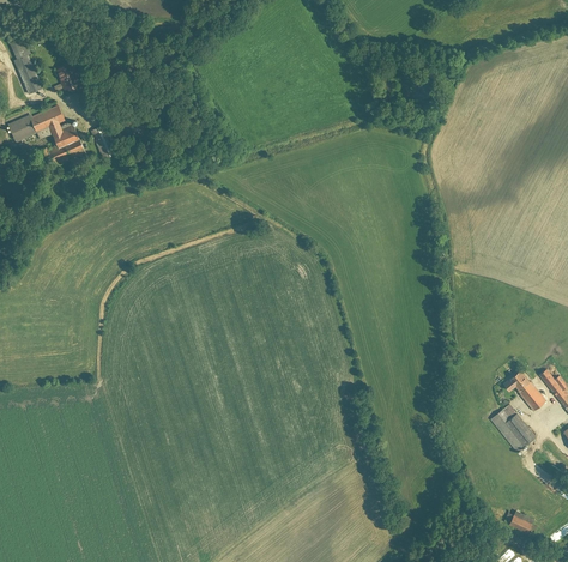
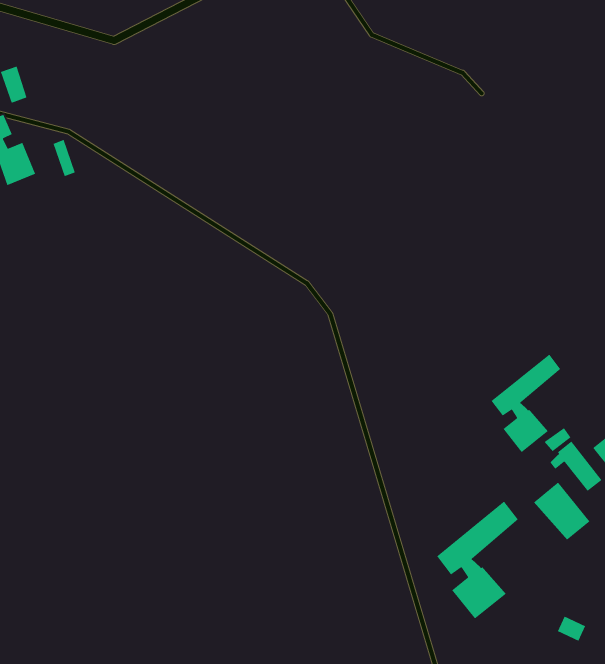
building: none -> [491,353,561,453]
building: none -> [436,500,519,620]

